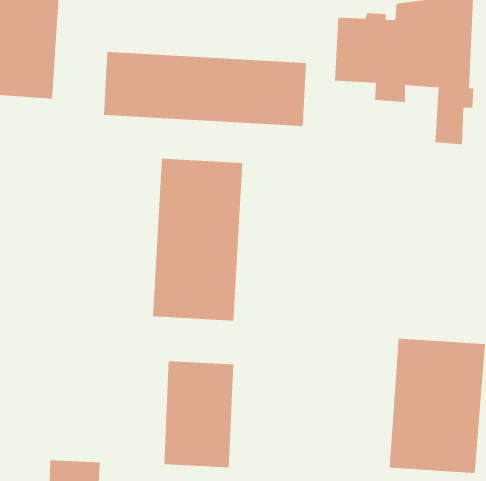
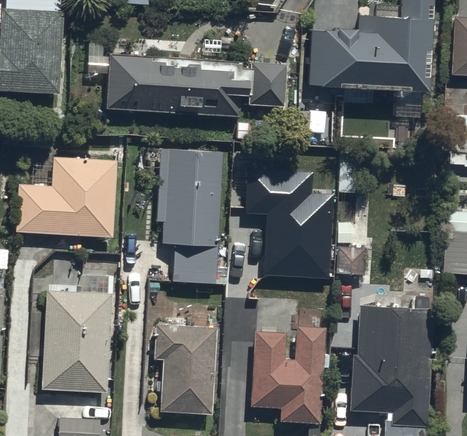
building: none -> [16,156,117,236]
building: none -> [247,170,335,279]
building: none -> [42,290,116,394]
building: none -> [252,328,326,425]

